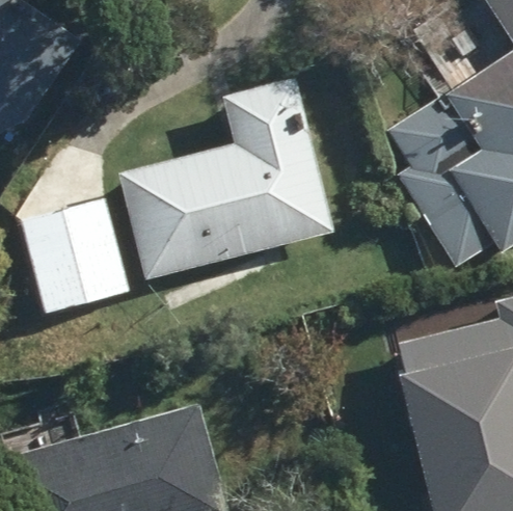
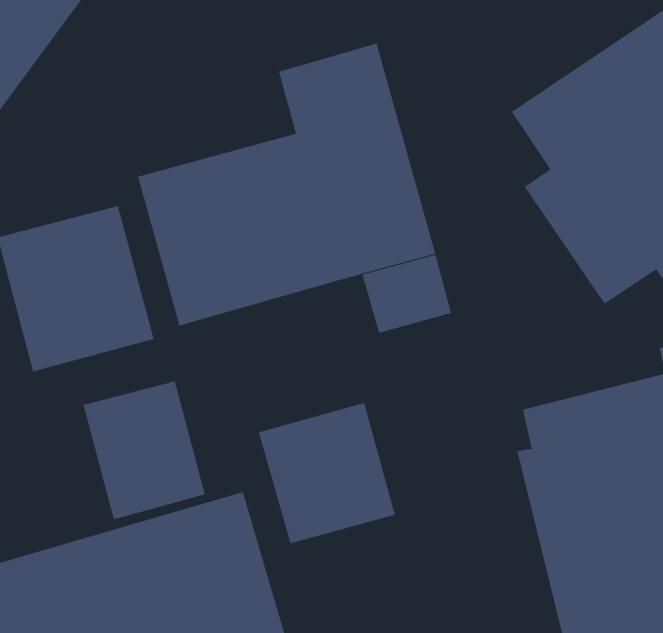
building: none -> [83,380,205,520]
building: none -> [258,402,396,544]

